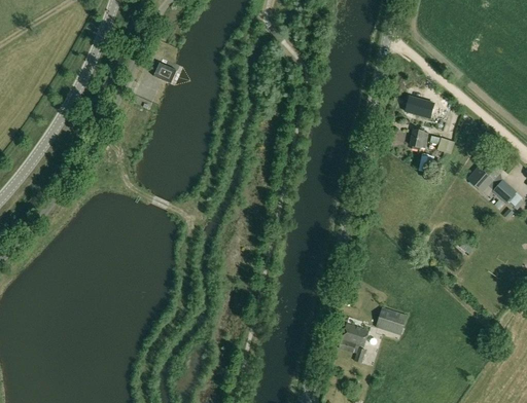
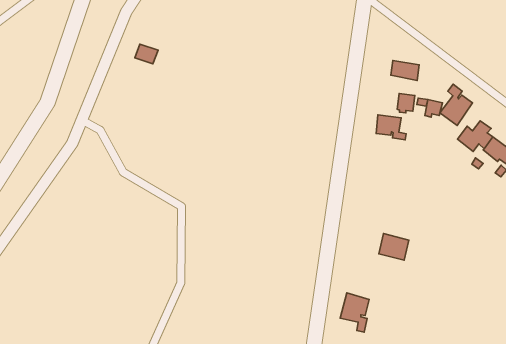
building: none -> [440,84,473,125]
building: none -> [376,115,406,140]
building: [377,306,408,334] -> [379,234,409,260]

